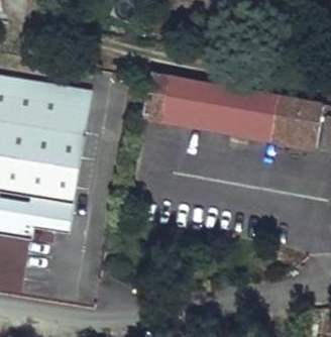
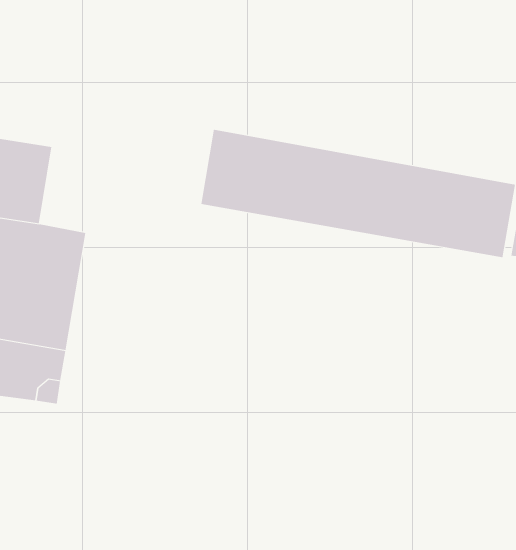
building: [57,84,89,132] -> none

